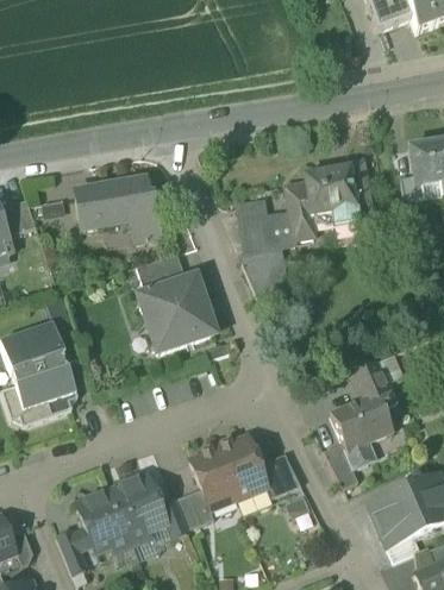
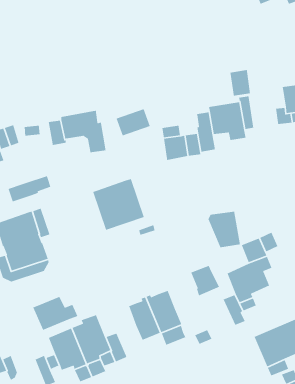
building: none -> [229,69,251,96]
building: [242,250,289,303] -> [207,211,241,248]
building: [136,252,186,293] -> [116,108,151,136]
building: none -> [7,175,52,203]
building: none -> [32,296,78,331]
building: [257,452,300,497] -> [190,265,220,296]
building: [174,487,213,528] -> none

